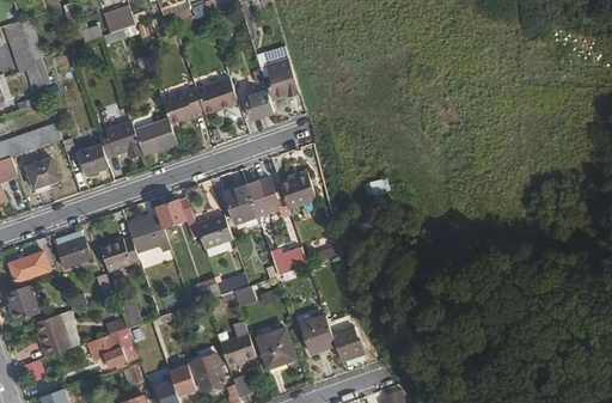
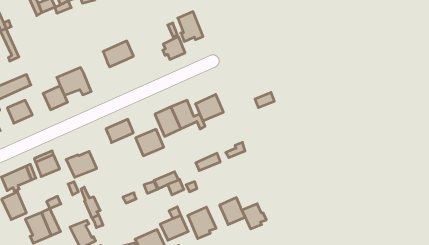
building: [195,79,237,112] -> none
building: [133,118,176,155] -> none
building: [128,215,170,251] -> none

